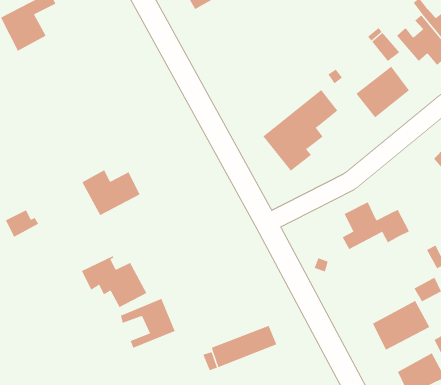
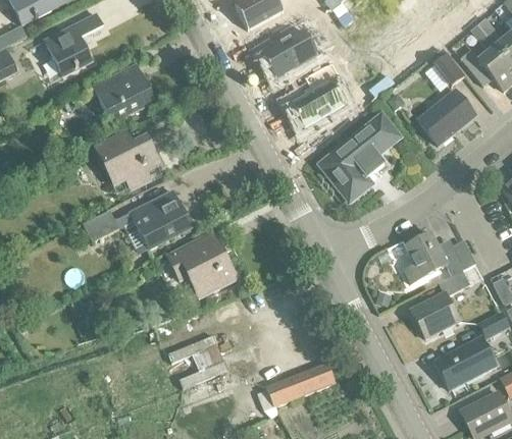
building: none -> [257,28,317,80]
building: none -> [290,62,349,131]
building: none -> [92,73,153,121]
building: none -> [95,134,159,187]
building: [5,209,39,237] -> [83,212,118,241]
building: none -> [410,270,469,338]
building: [81,255,147,308] -> [166,236,236,291]

